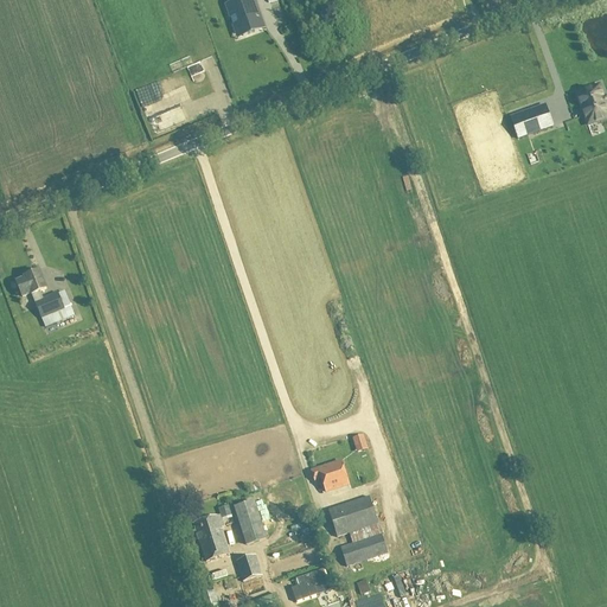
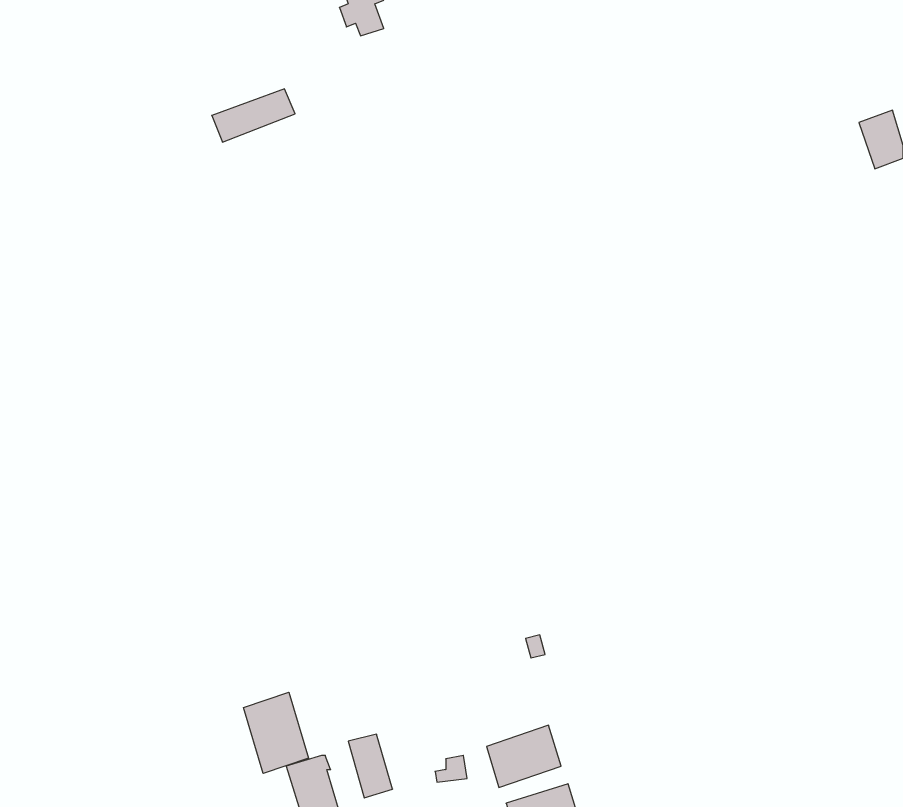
building: [510,102,552,136] -> none
building: [15,269,64,317] -> none
building: [312,460,347,490] -> none
building: none -> [243,692,309,773]

